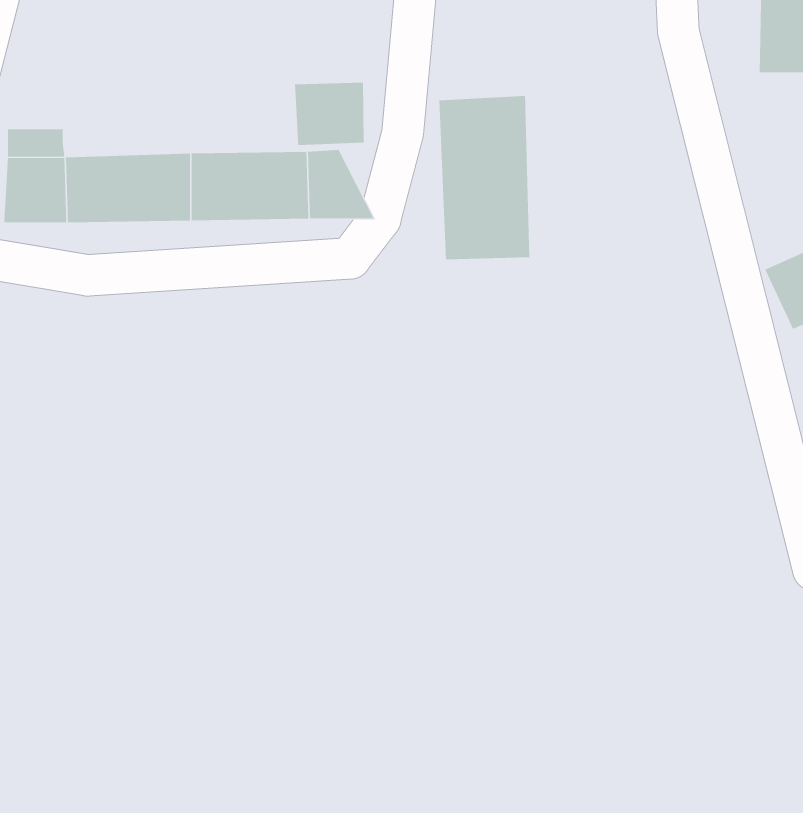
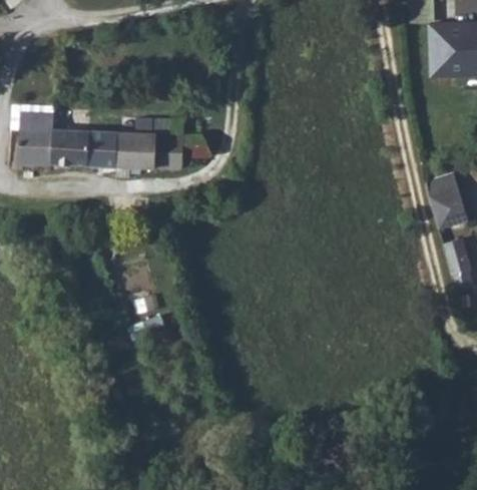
building: [295,82,364,146] -> none
building: [439,95,530,260] -> none

